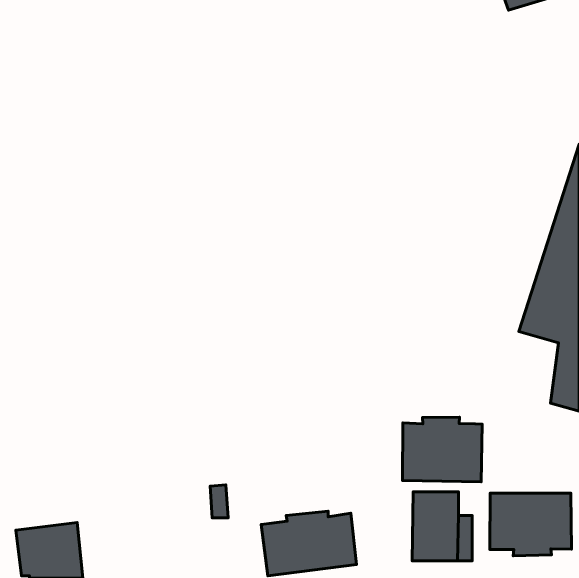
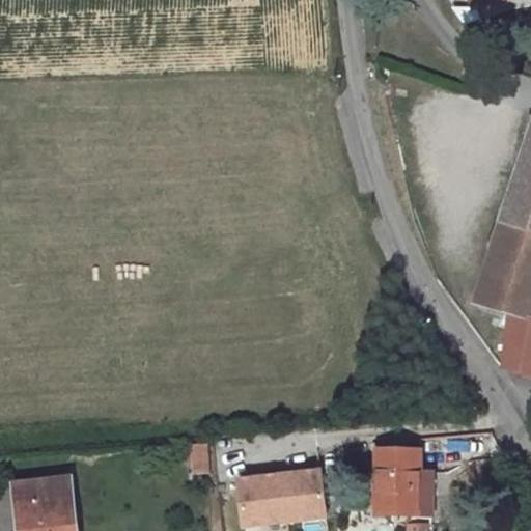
building: [403,417,482,482] -> none
building: [490,493,572,556] -> none

